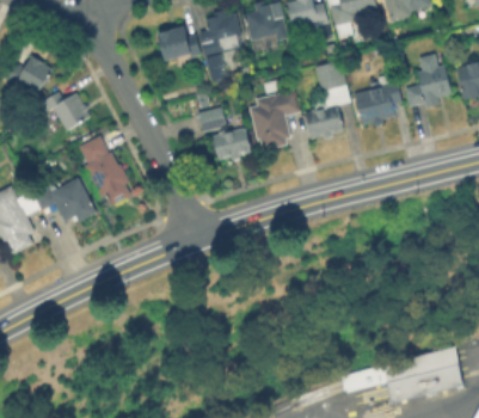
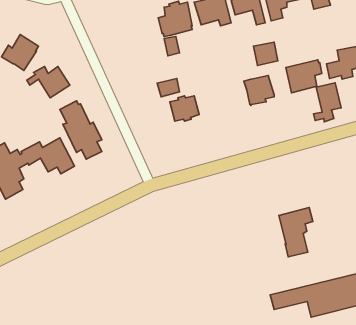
building: [160,27,201,62] -> none
building: [251,91,300,150] -> none
building: none -> [314,83,341,122]
building: none -> [279,208,313,257]

